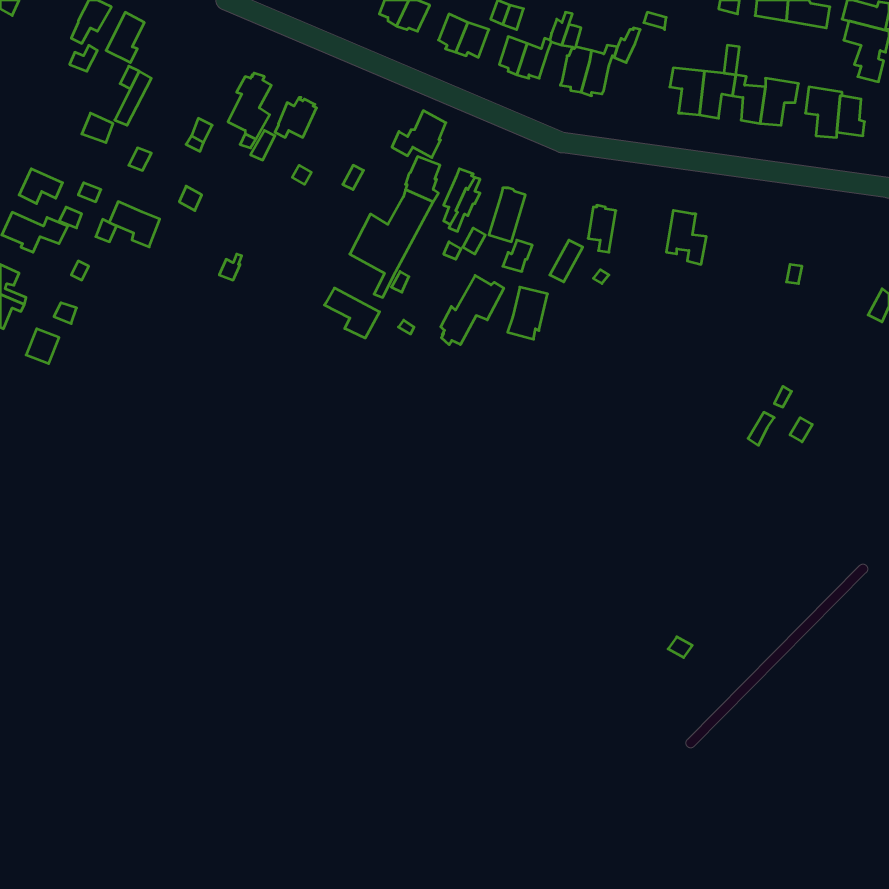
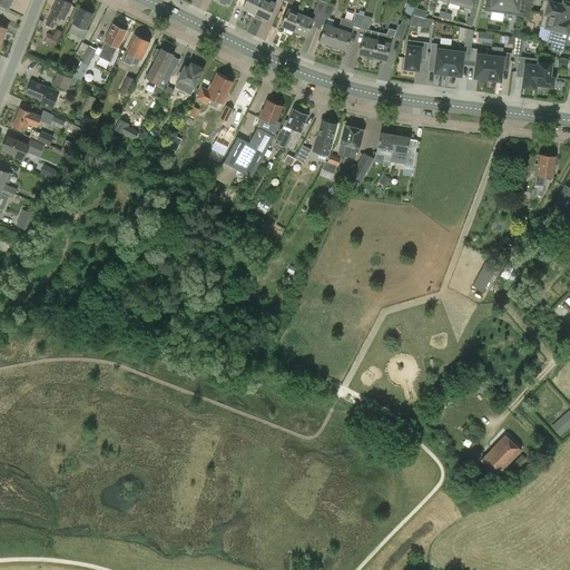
building: none -> [99,24,126,62]
building: none -> [124,35,149,66]
building: none -> [404,40,428,70]
building: [392,111,446,158] -> [197,75,232,105]
building: [109,202,160,247] -> [26,80,58,109]
building: [666,210,706,264] -> [390,135,415,169]
building: none -> [532,155,556,196]
building: [441,275,504,345] -> none
building: [508,287,548,339] -> [337,125,363,158]
building: [324,288,380,338] -> none
building: none -> [481,434,521,475]

